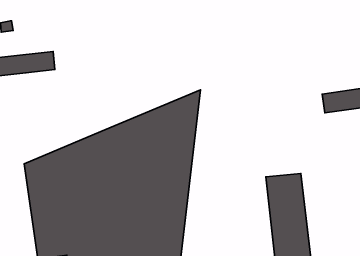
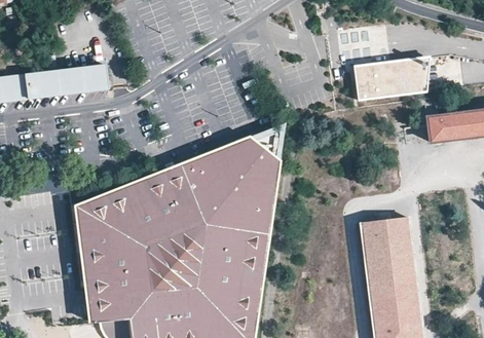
building: none -> [353,55,432,103]

